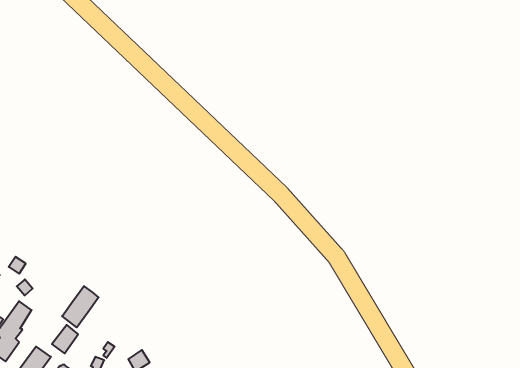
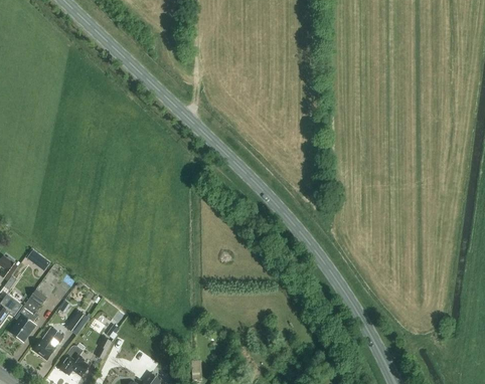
building: [62,286,99,327] -> none

